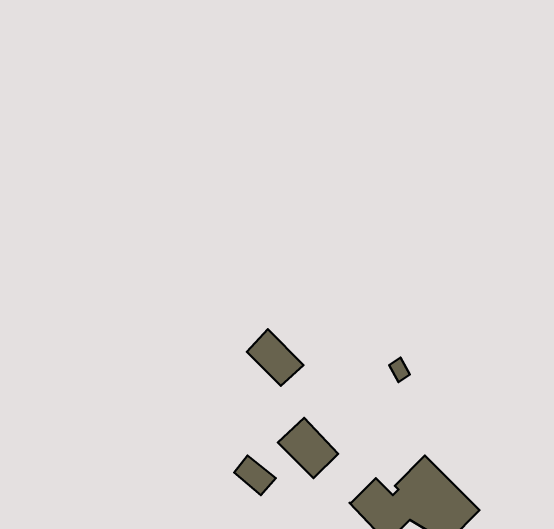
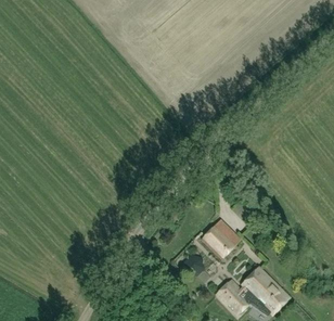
building: [247,329,304,386] -> [202,226,234,258]

